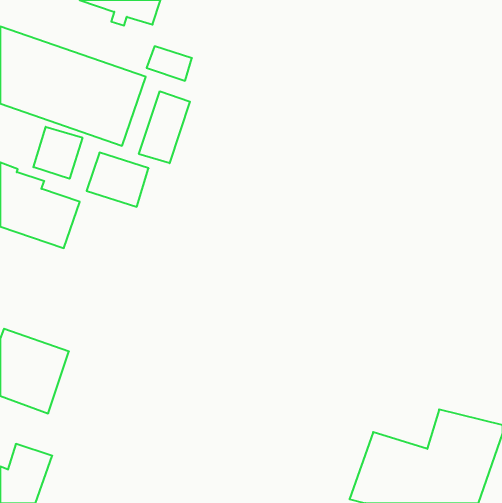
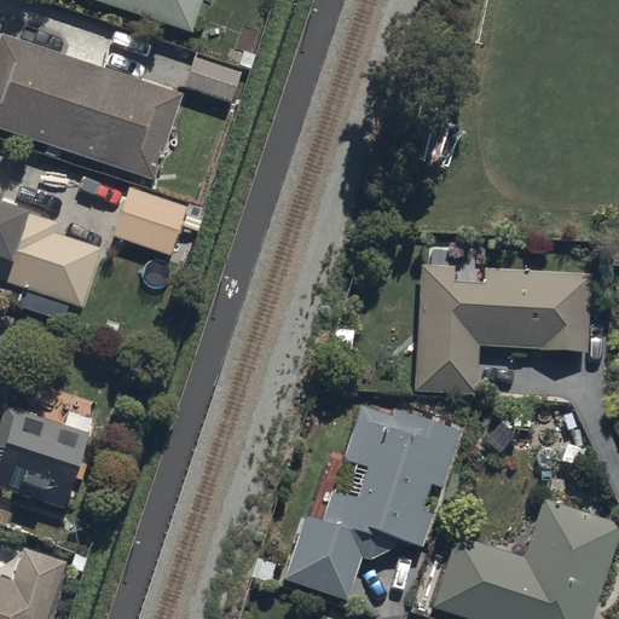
building: [139,91,190,163] -> none
building: [33,127,82,179] -> none
building: none -> [417,265,591,392]
building: none -> [284,405,458,596]

